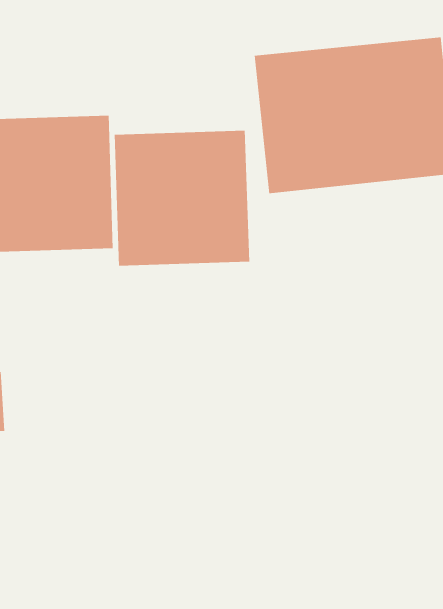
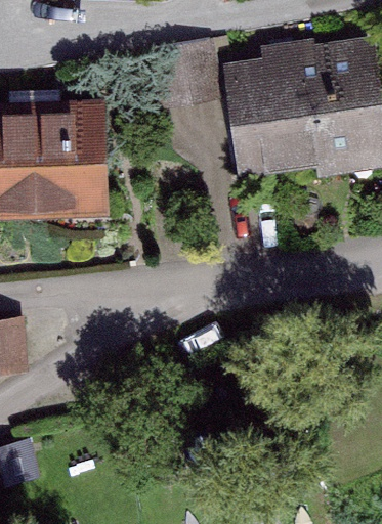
building: [114,130,250,266] -> none

